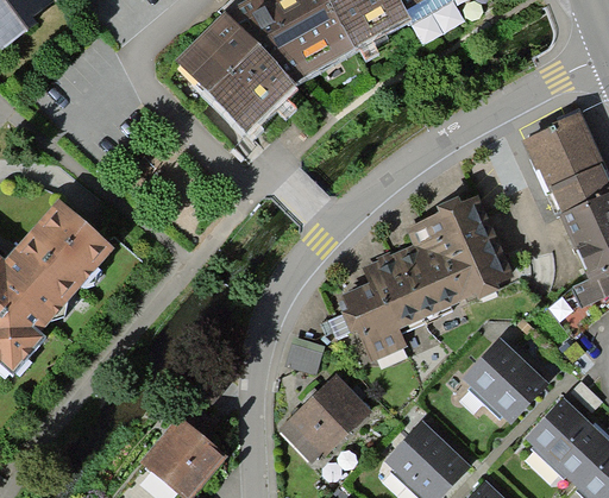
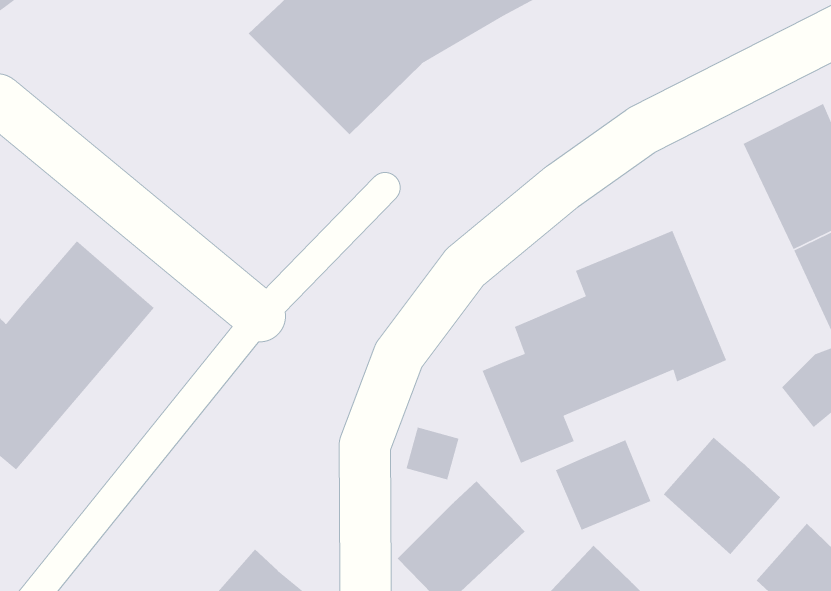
building: none -> [555,439,652,531]

